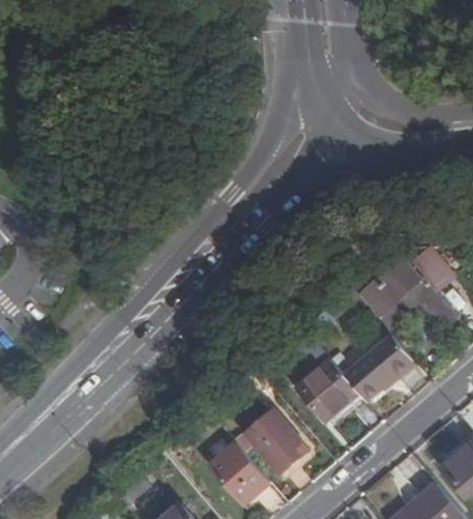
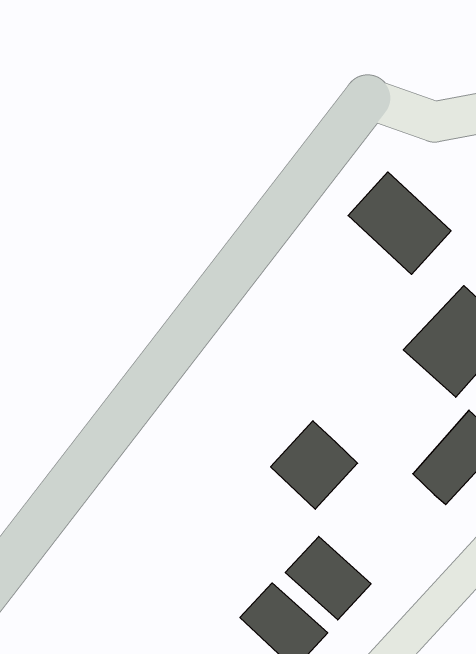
building: none -> [348,172,451,274]
building: [296,358,358,422] -> [271,421,358,509]

